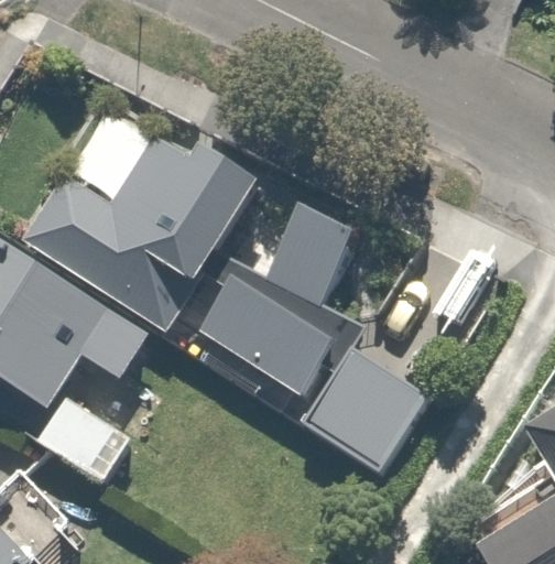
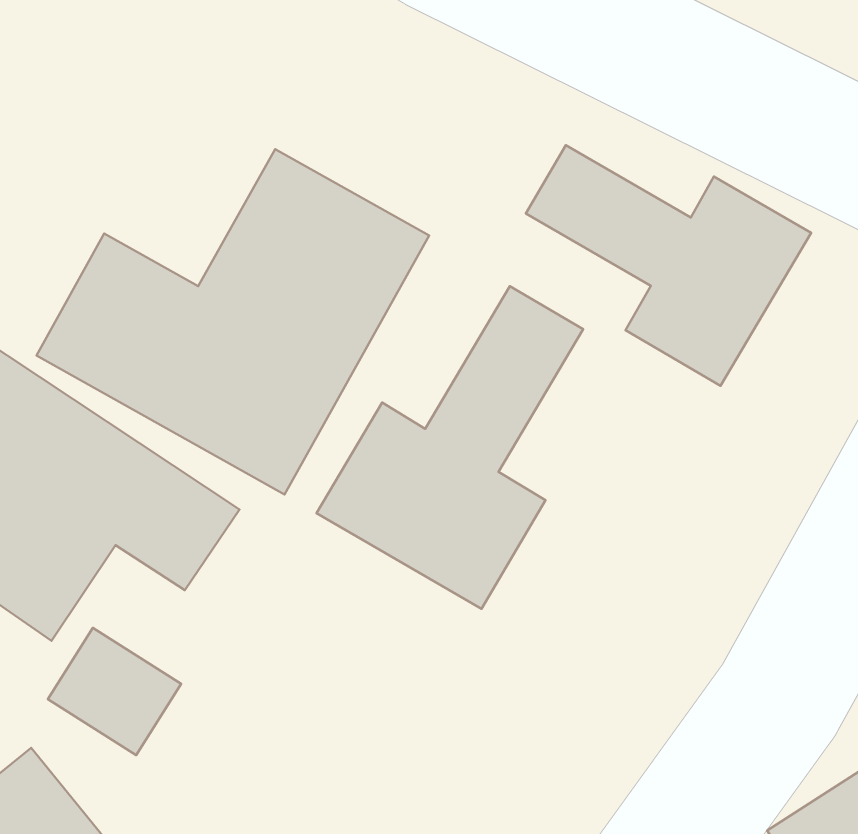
building: none -> [526,145,811,386]
building: [295,351,420,478] -> none

